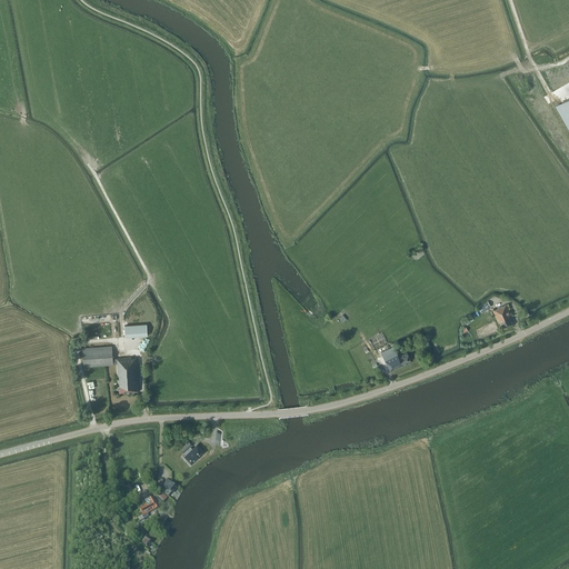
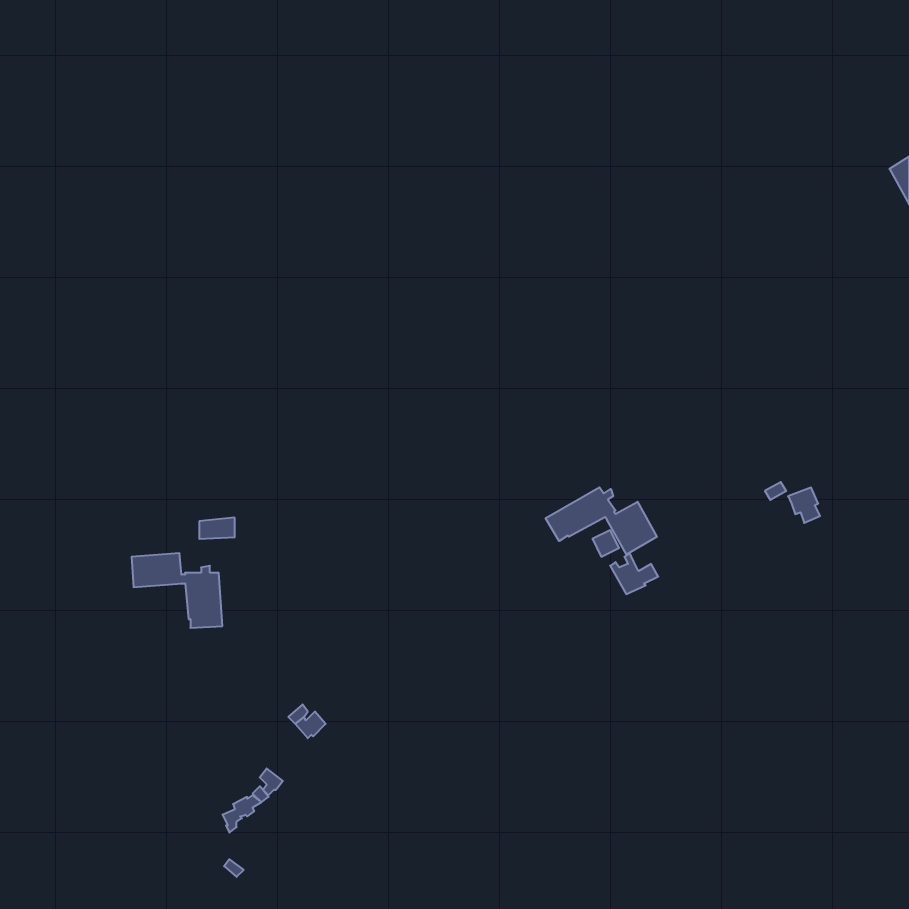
building: none -> [546,487,657,554]

